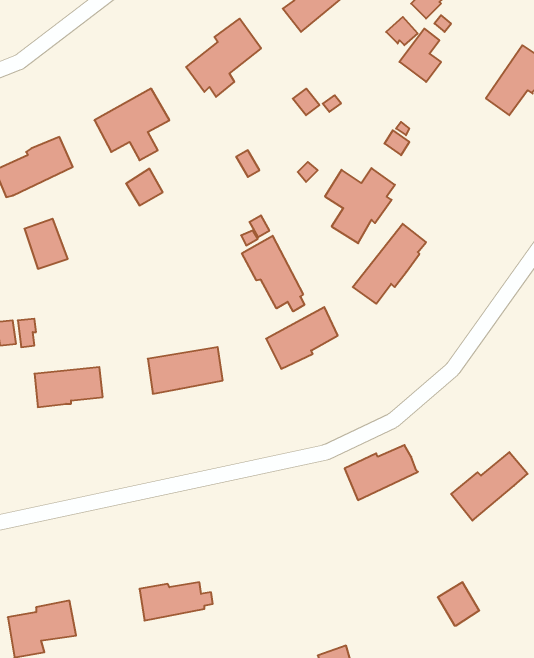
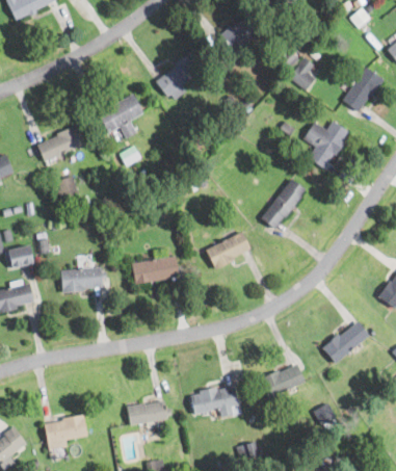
building: [325,168,395,243] -> [305,122,348,168]
building: [242,236,304,311] -> none
building: [345,445,418,500] -> [259,365,305,399]
building: none -> [191,388,238,418]

